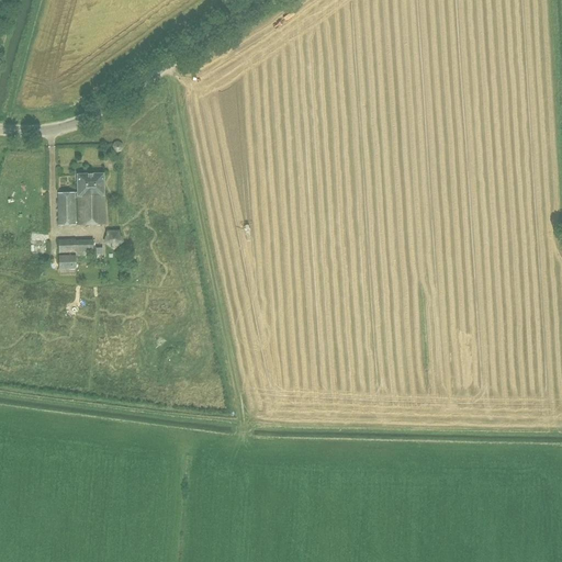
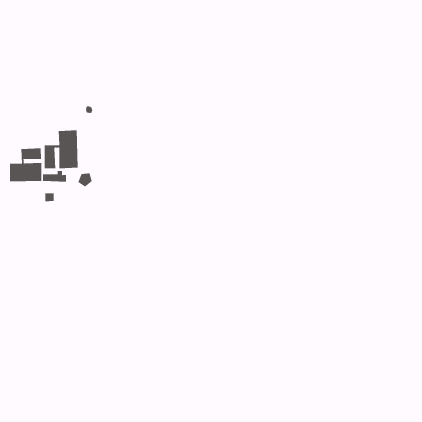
building: none -> [10,148,42,182]

